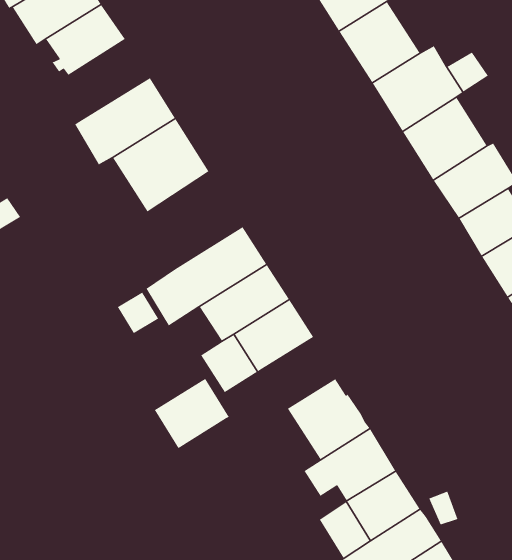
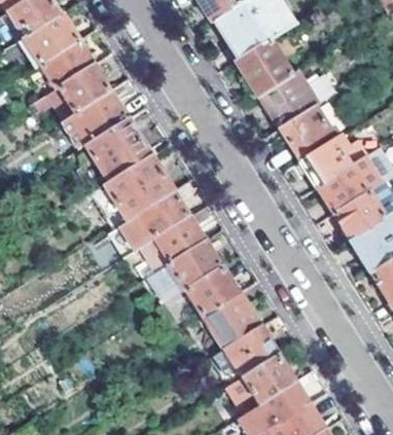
building: none -> [22,65,111,126]
building: none -> [104,154,174,220]
building: [154,378,230,449] -> [187,266,239,315]

